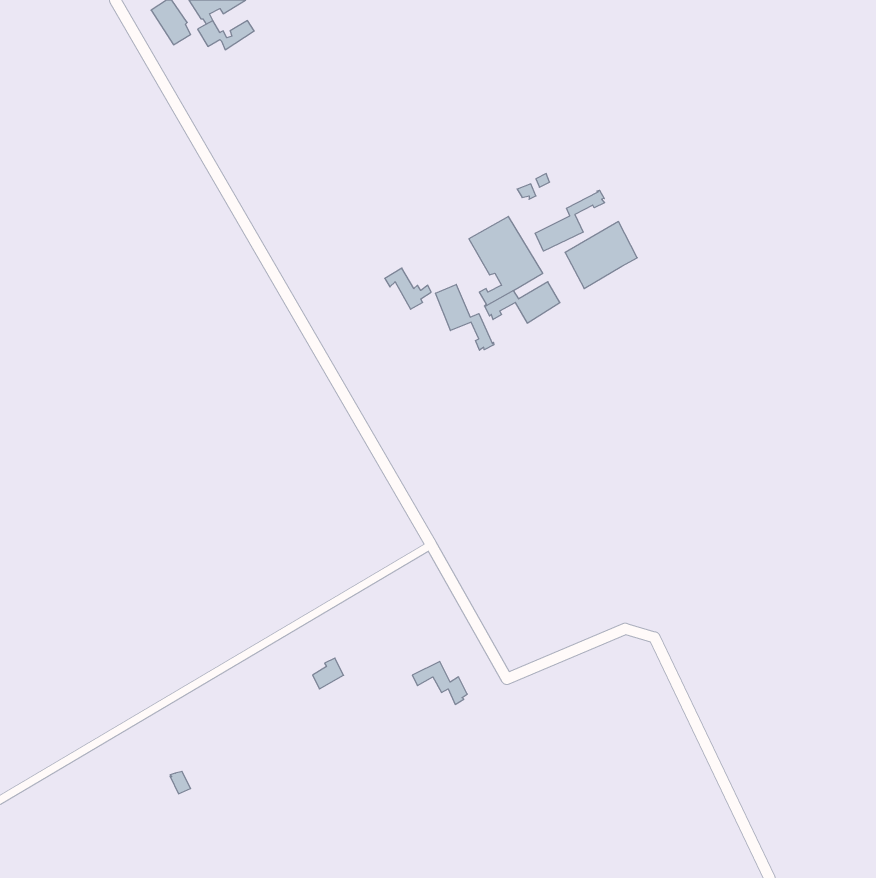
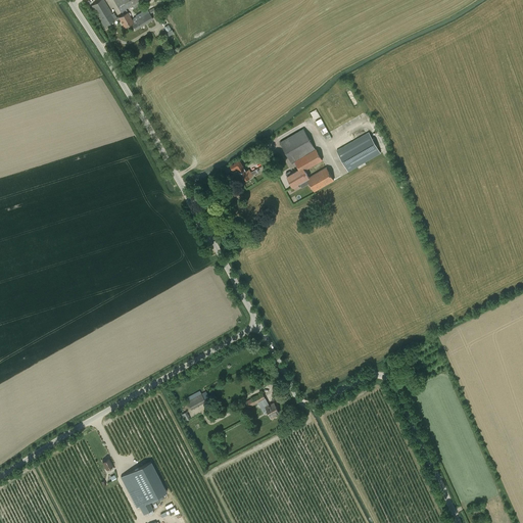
building: [535,190,605,251] -> none
building: [436,284,494,350] -> none
building: none -> [121,462,165,514]

